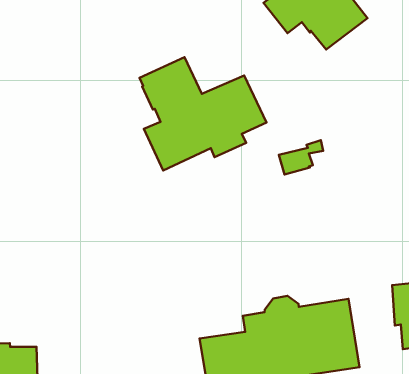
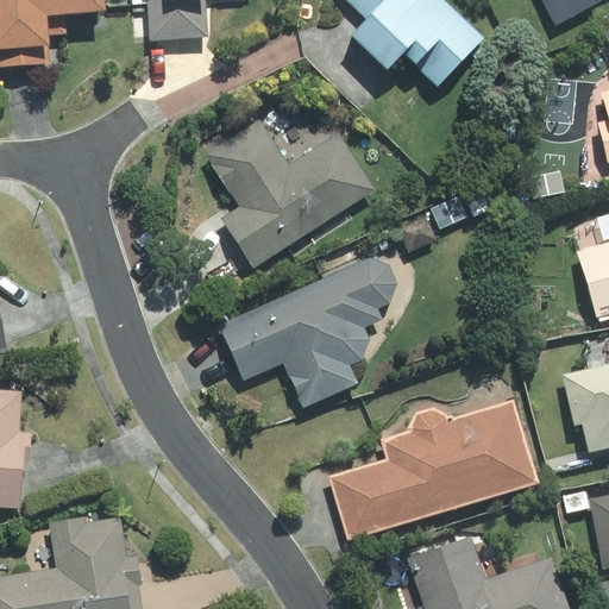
building: none -> [218,257,397,408]

